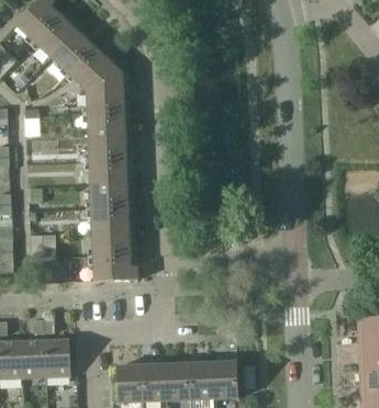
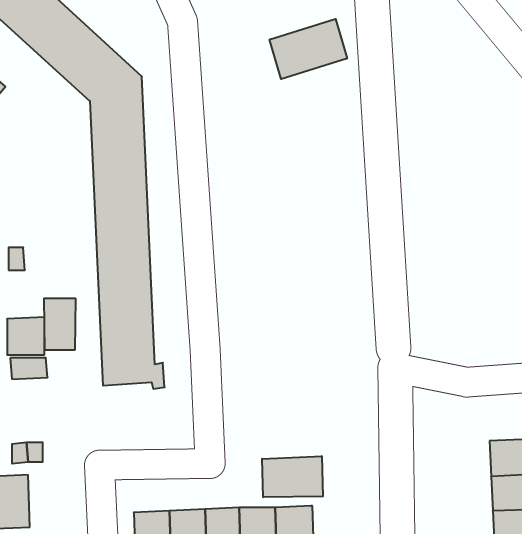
building: none -> [270,19,347,79]
building: none -> [44,298,75,350]
building: none -> [262,456,323,497]
building: [44,340,69,376] -> none

